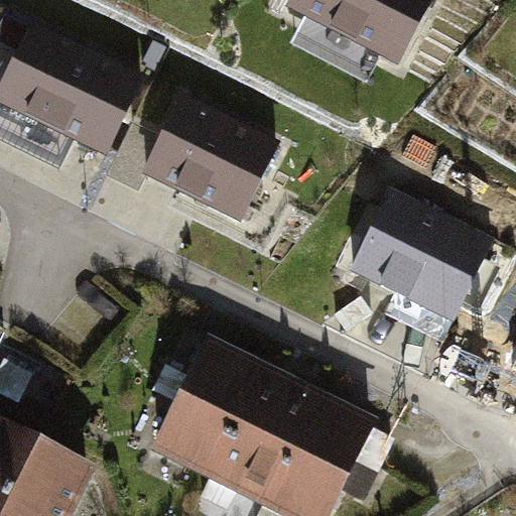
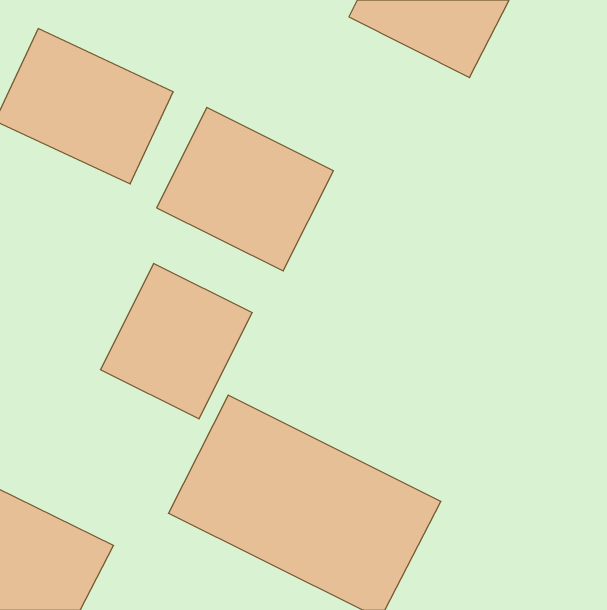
building: [346,189,491,322] -> none
building: none -> [101,263,252,419]

